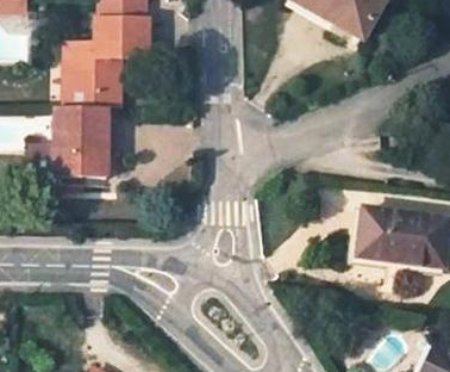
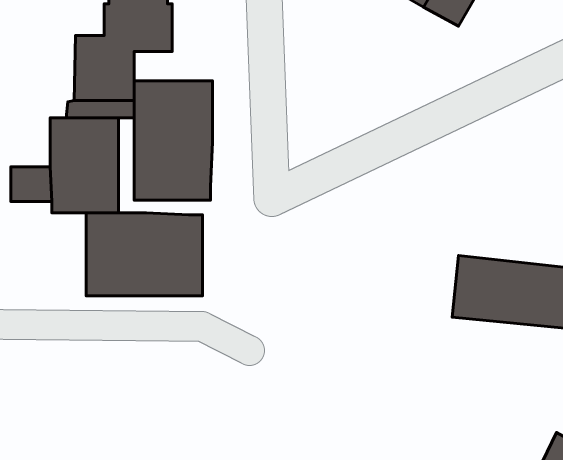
building: none -> [134,81,212,200]
building: none -> [86,213,202,296]

